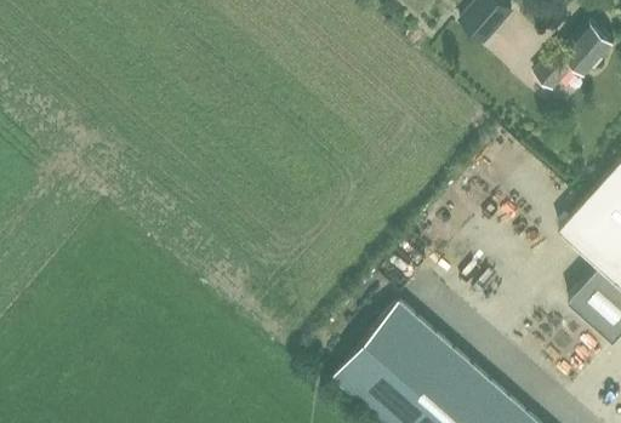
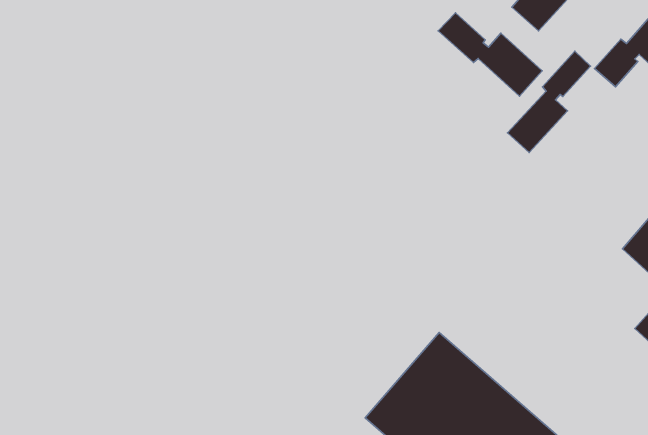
building: none -> [438,13,542,96]
building: none -> [507,51,590,153]

